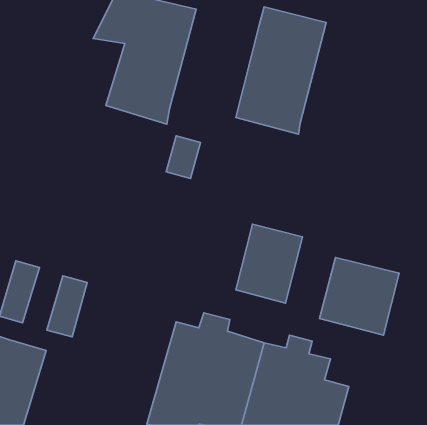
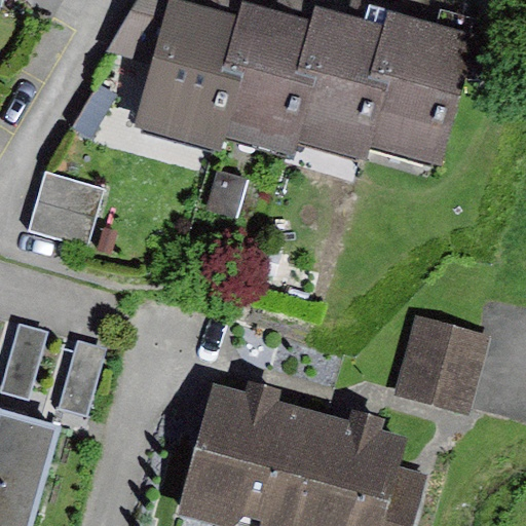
building: none -> [208,11,317,153]
building: none -> [368,18,478,171]
building: none -> [27,168,101,242]
building: [236,224,303,303] -> none

